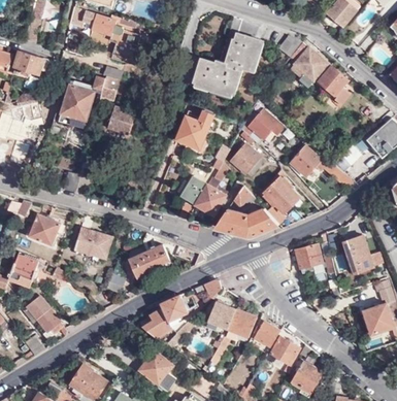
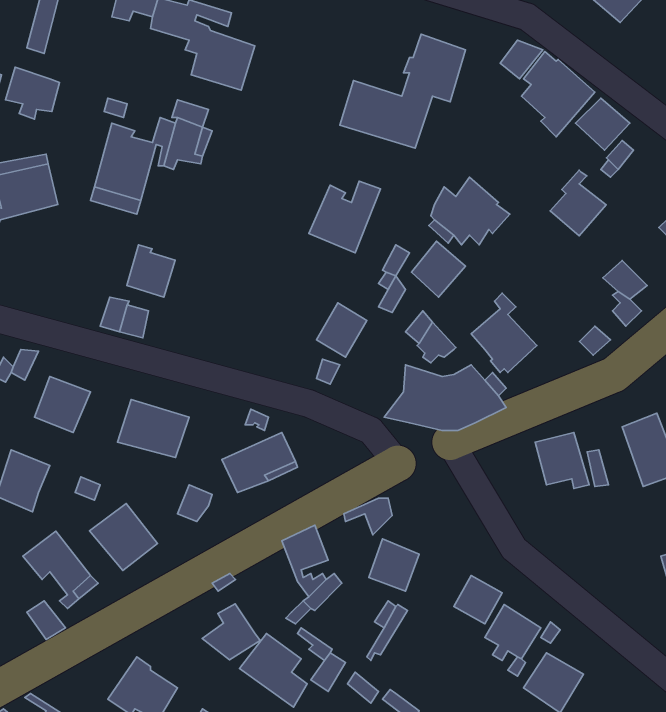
building: [108,105,134,133] -> [127,245,175,297]
building: [291,140,321,175] -> [550,170,606,236]
building: [195,185,225,214] -> none
building: none -> [90,503,157,570]
building: [141,308,172,338] -> [202,604,260,660]
building: [227,309,255,337] -> none

